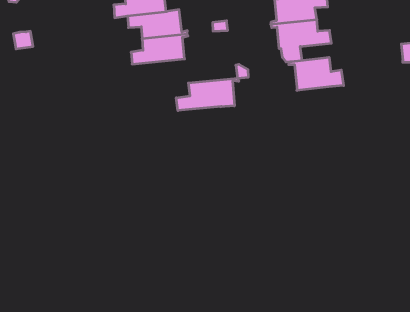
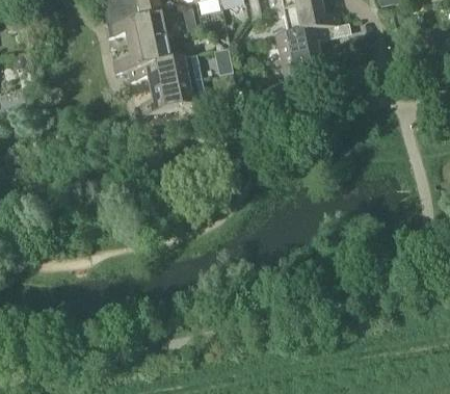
building: [289,57,344,90] -> none
building: [176,78,239,111] -> none

